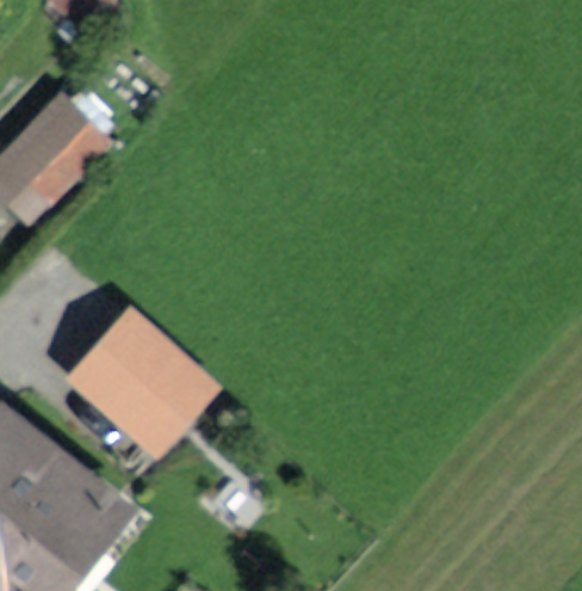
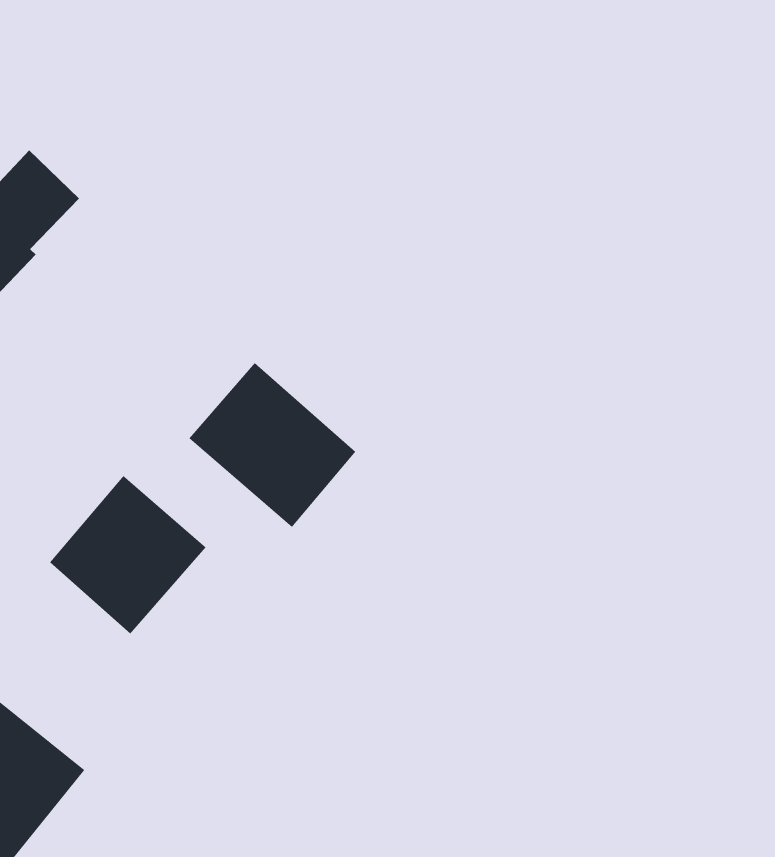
building: none -> [189,362,356,528]

